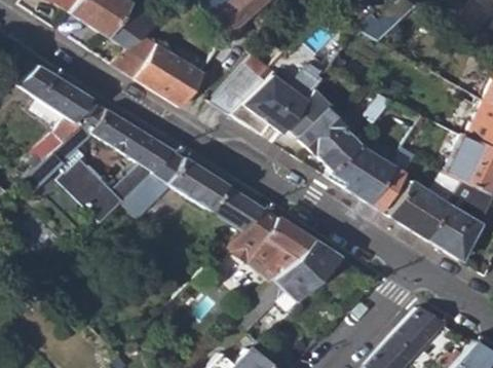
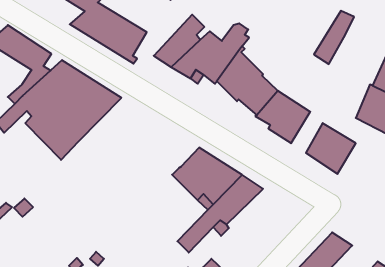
building: [122,149,264,230] -> none
building: [372,151,419,214] -> [314,11,354,64]
building: [426,203,478,260] -> none

